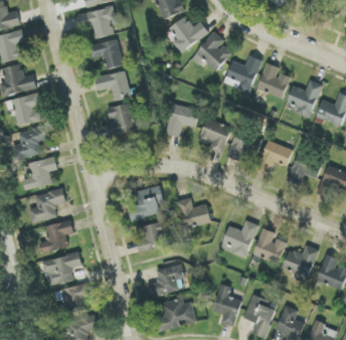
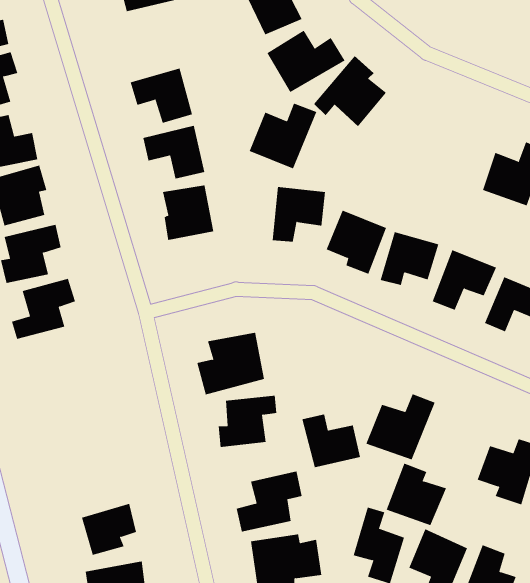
building: [77,6,116,38] -> none
building: [223,55,262,93] -> [249,103,317,169]
building: [256,62,290,99] -> none
building: [28,189,65,222] -> none
building: [177,198,210,228] -> [301,414,361,468]
building: [39,219,73,252] -> none
building: [252,228,287,264] -> [386,463,447,526]
building: [40,252,81,287] -> none

